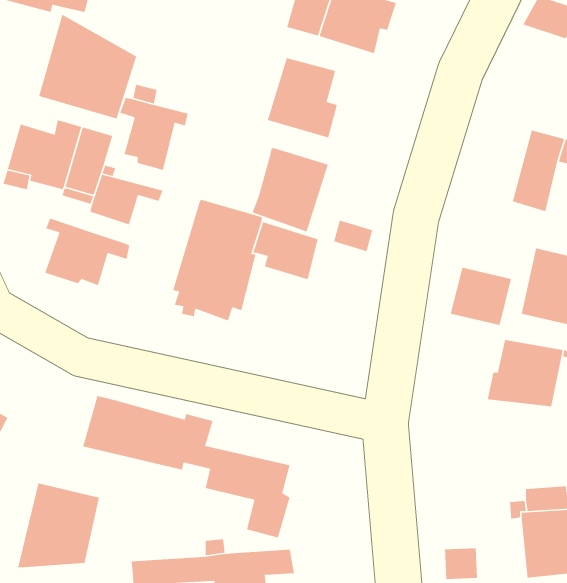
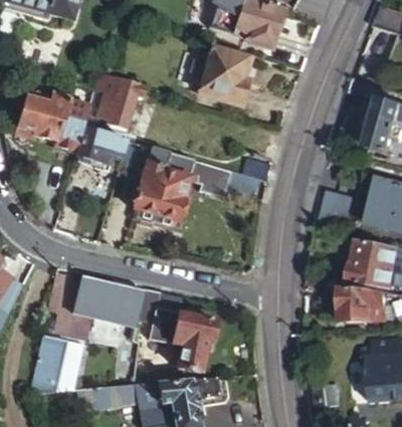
building: [38,14,137,120] -> none
building: [252,147,329,232] -> none
building: [44,218,130,286] -> none
building: none -> [341,283,385,323]

